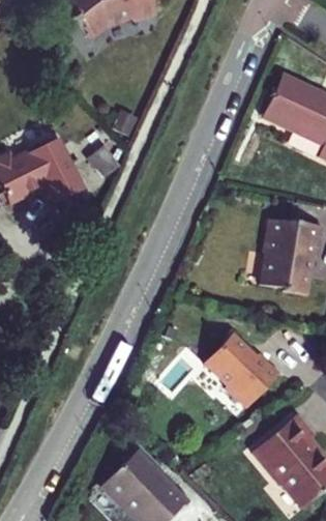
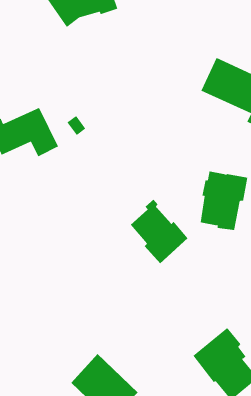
building: [213,325,288,408] -> [130,199,189,264]

